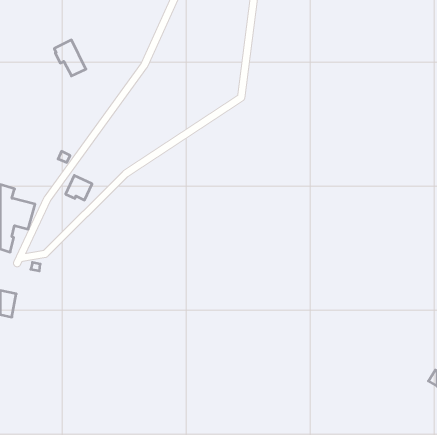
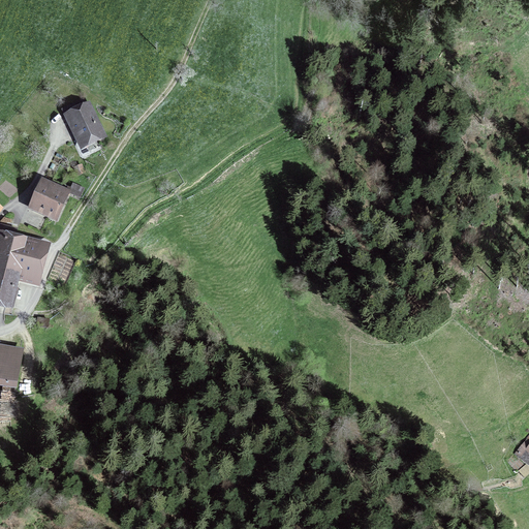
building: [54,40,86,76] -> [63,99,101,143]
building: [66,175,92,200] -> [33,186,65,216]

